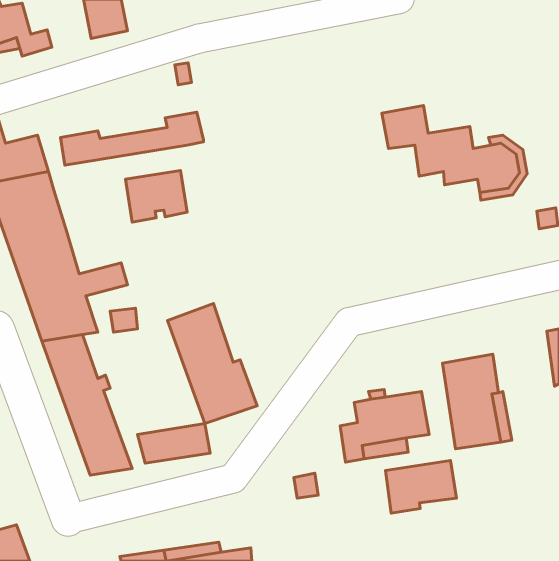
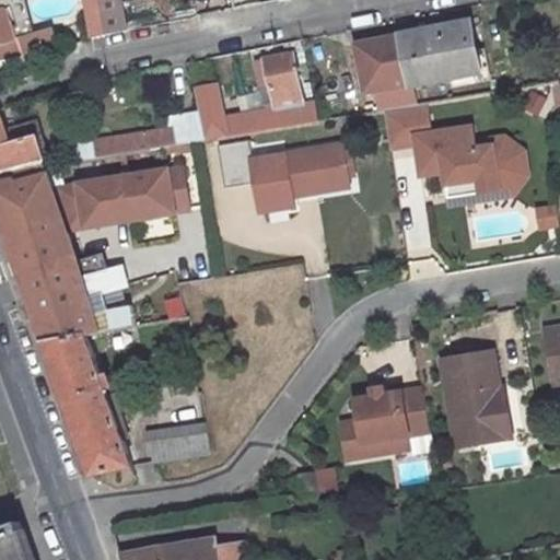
building: none -> [369,25,472,90]
building: none -> [255,51,316,130]
building: none -> [196,101,244,139]
building: none -> [214,140,346,212]
building: none -> [54,178,131,232]
building: [168,304,257,424] -> none
building: [385,460,456,513] -> none

